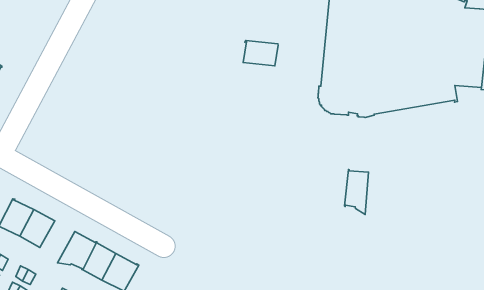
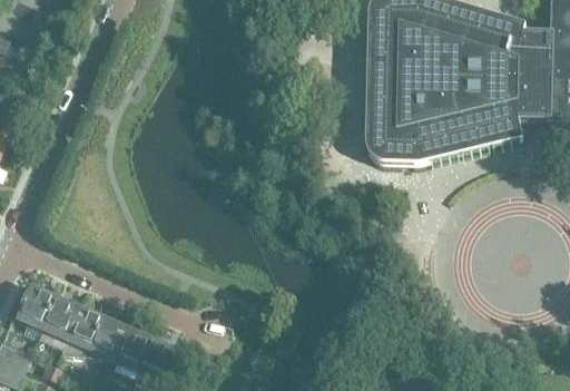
building: [243,40,278,66] -> none
building: [345,169,369,214] -> none
building: none -> [61,305,104,352]

